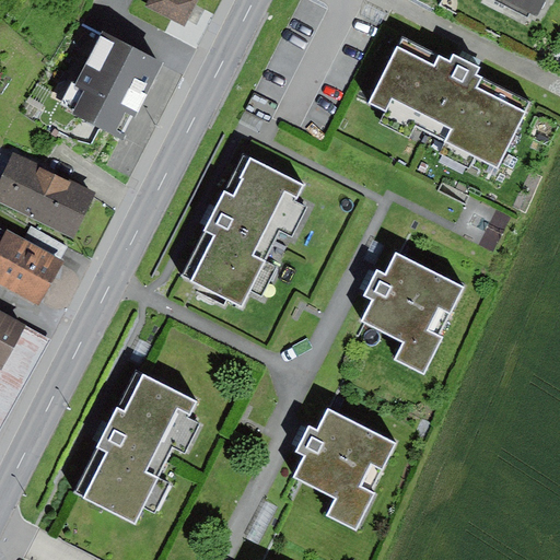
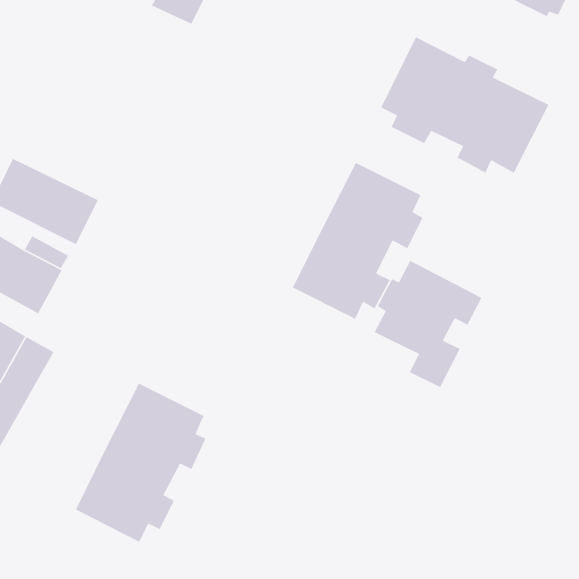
building: [71,33,162,139] -> none
building: [180,153,307,305] -> [292,162,424,320]
building: [292,407,396,530] -> none

